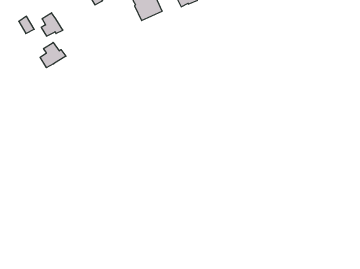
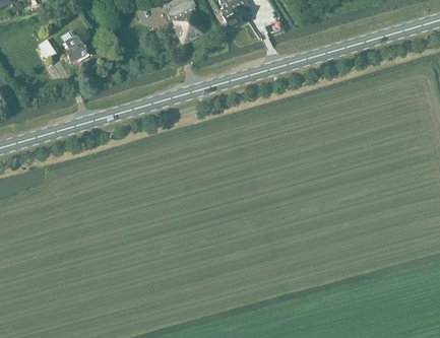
building: [40,42,66,68] -> none

